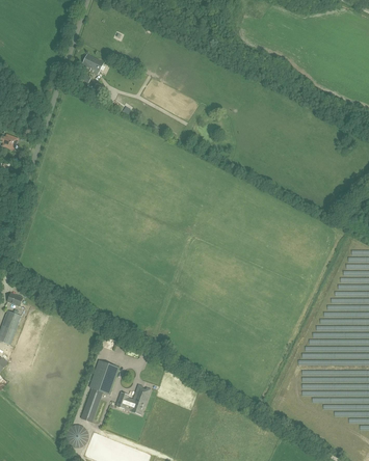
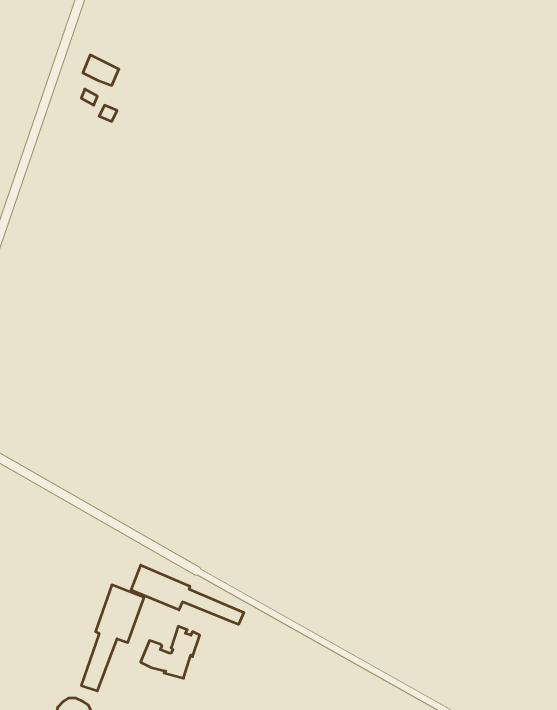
building: none -> [131,565,244,624]

